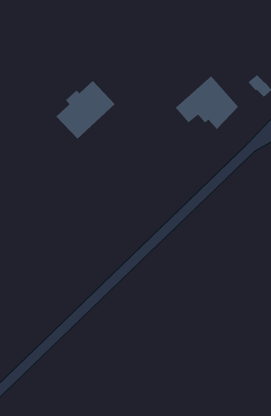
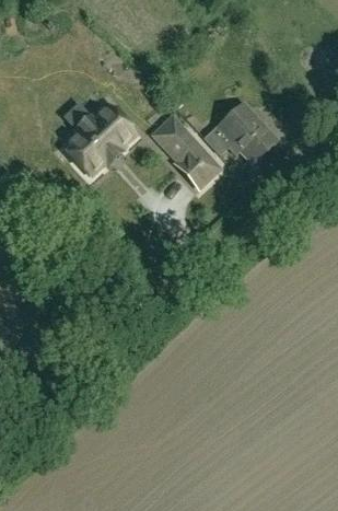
building: none -> [150,115,222,187]

